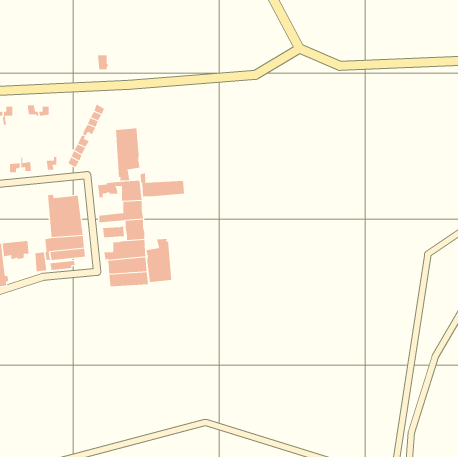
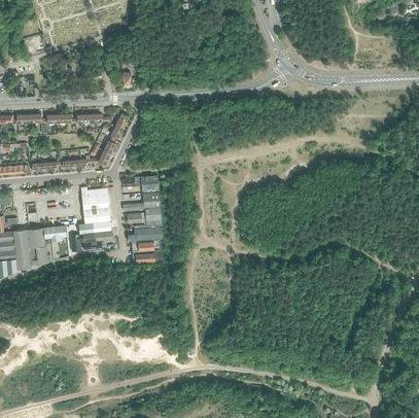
building: [116,128,140,181] -> none
building: [140,173,184,197] -> none
building: [146,238,172,283] -> none

